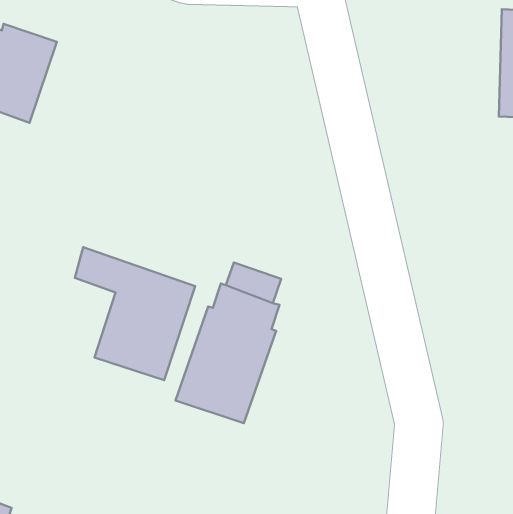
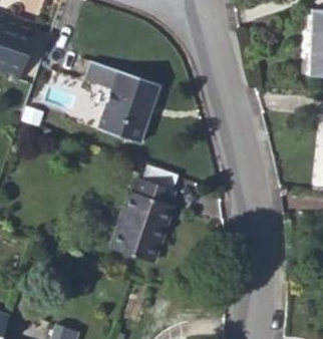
building: [75,247,195,380] -> [85,61,159,143]

